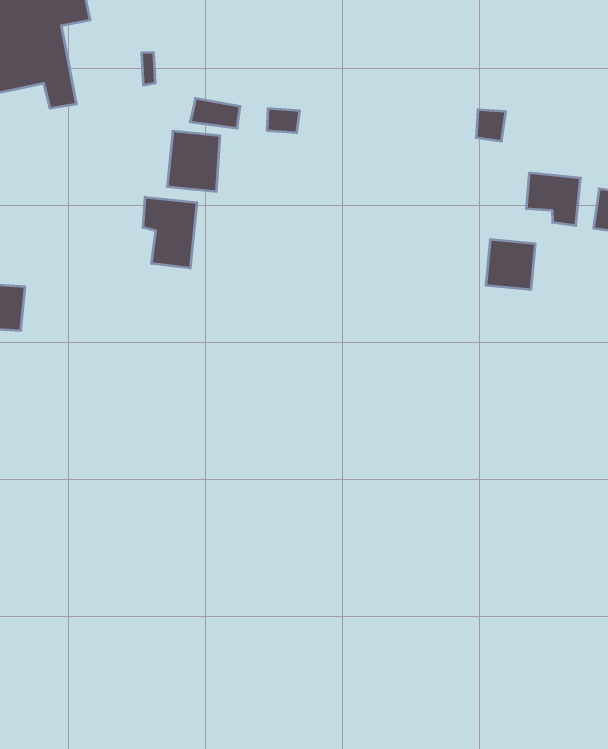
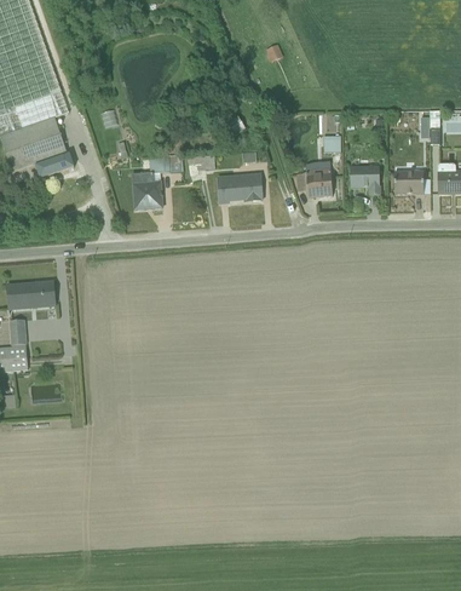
building: none -> [217,171,264,201]
building: [143,197,197,268] -> none
building: [486,240,535,289] -> [306,170,335,199]

